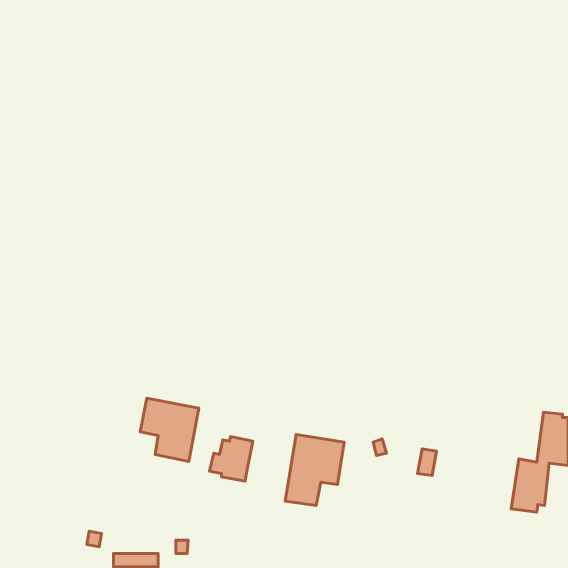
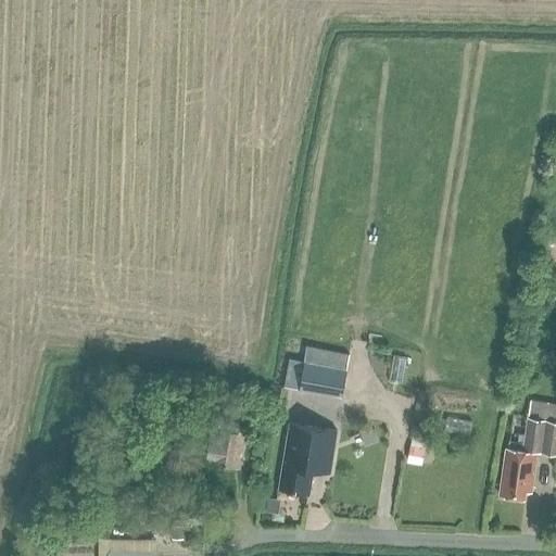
building: none -> [299,348,349,397]
building: [140,398,199,461] -> none

